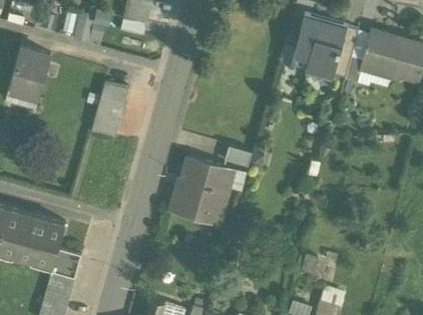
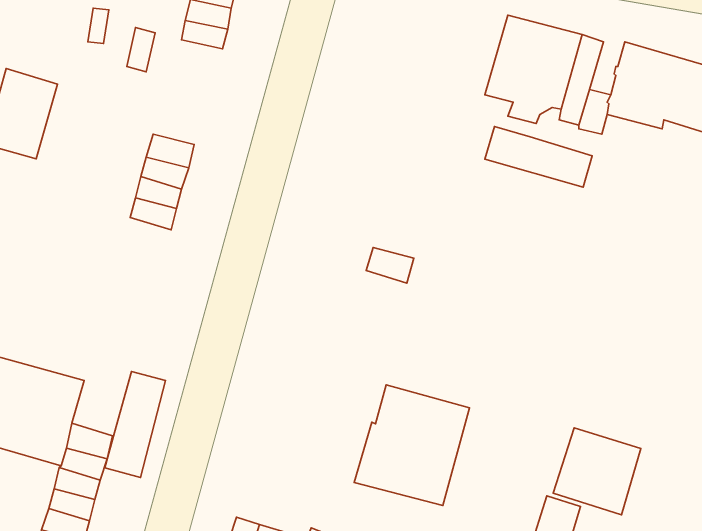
building: none -> [485,126,592,187]
building: [169,158,235,226] -> [354,385,469,506]
building: none -> [105,372,166,478]
building: none -> [553,428,641,515]

